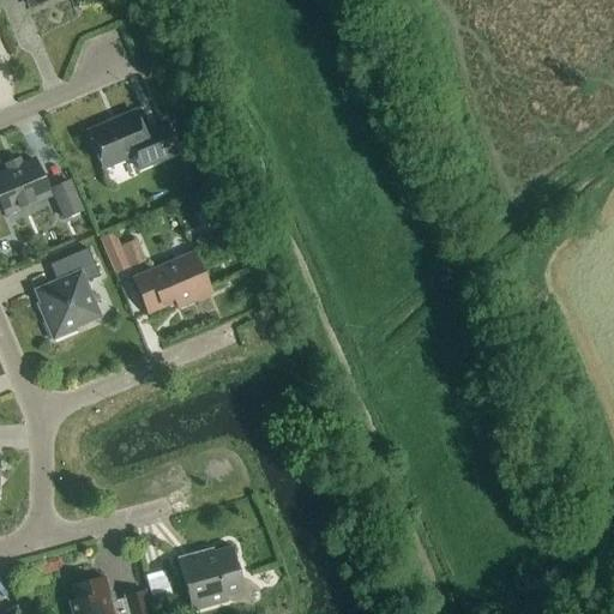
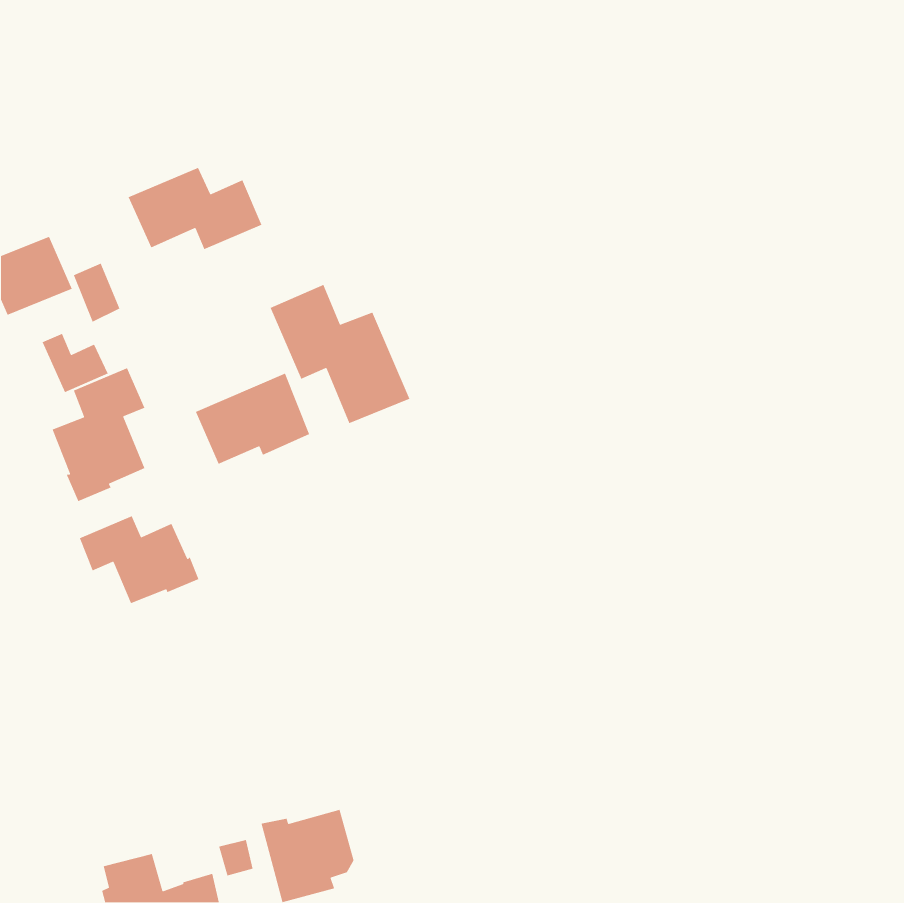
building: none -> [270,284,411,424]
building: [100,230,145,271] -> [41,333,109,393]
building: none -> [79,515,200,604]

